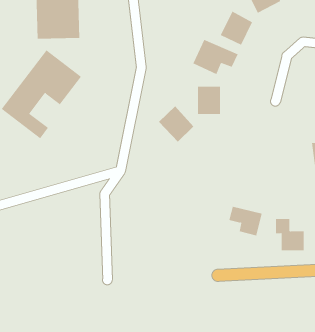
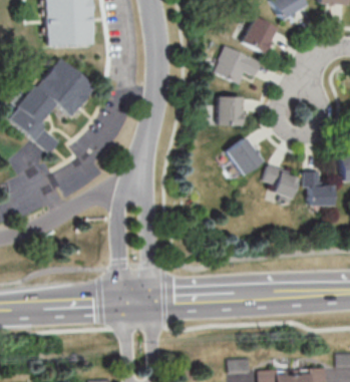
building: [158,106,194,142] -> [226,137,264,176]
building: [228,206,262,236] -> [262,167,298,200]
building: [275,219,304,251] -> [303,172,334,207]

